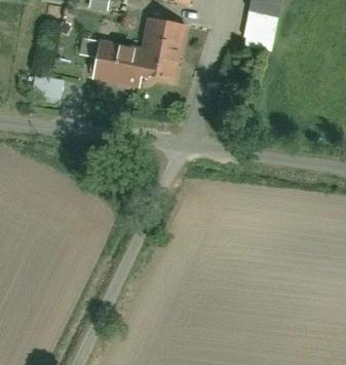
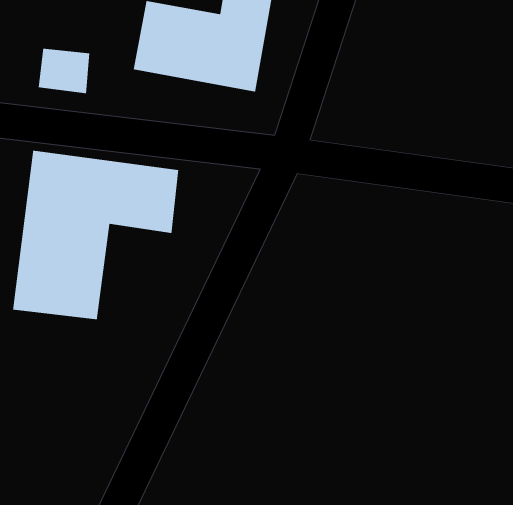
building: none -> [13,150,179,320]

